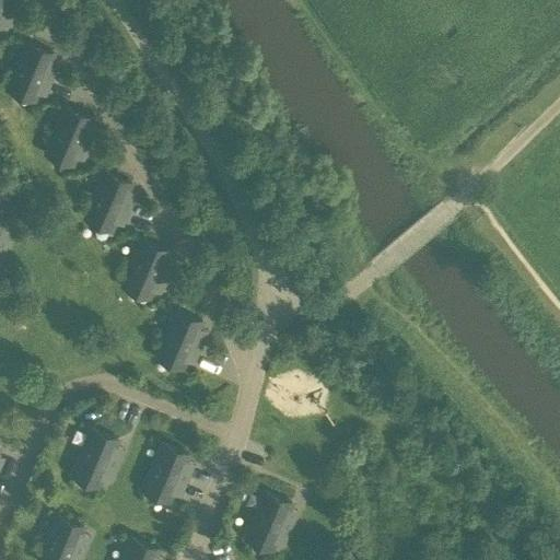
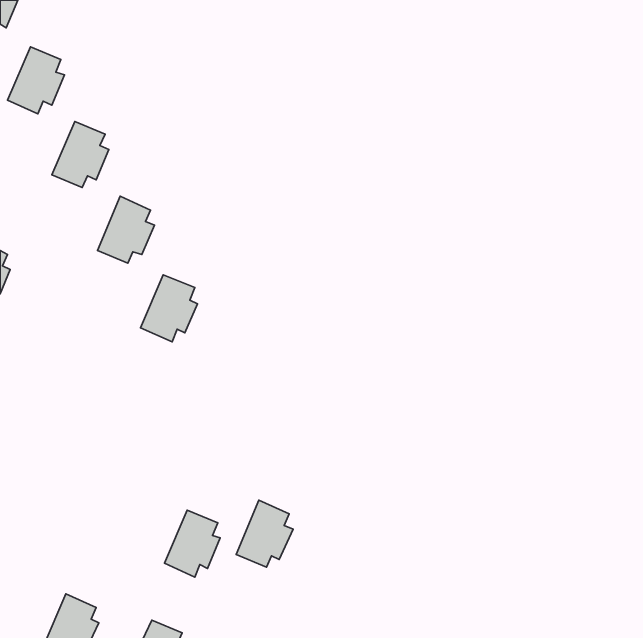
building: [159,316,208,373] -> none
building: [74,434,124,492] -> none
building: [248,497,298,555] -> [236,500,293,567]

